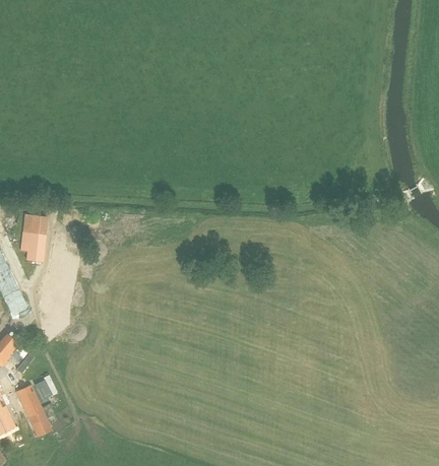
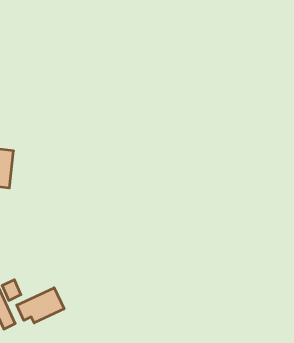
building: none -> [17,288,64,323]

